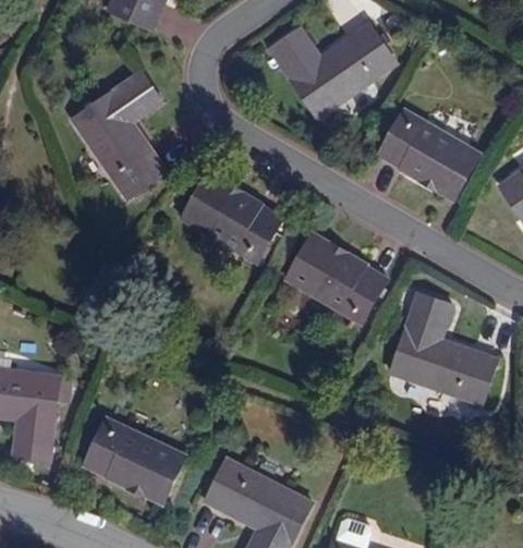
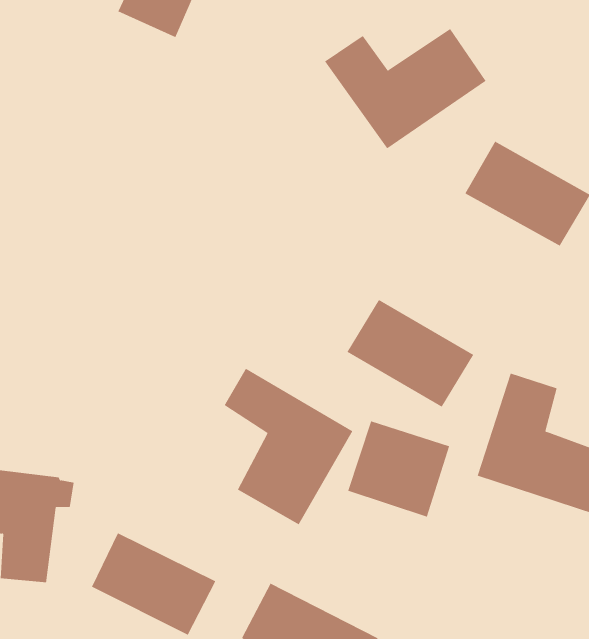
building: [70,70,166,196] -> none
building: [182,174,282,259] -> none
building: none -> [224,368,353,525]
building: none -> [347,421,450,517]

